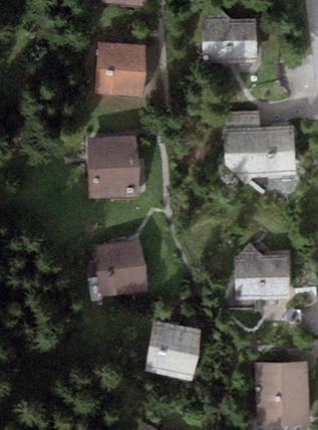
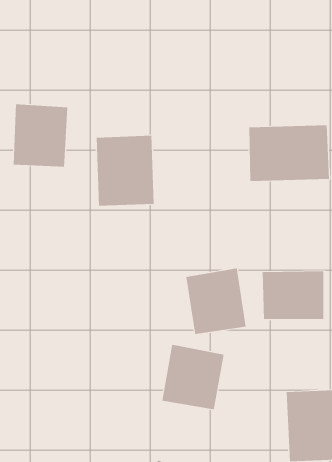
building: [203,20,260,69] -> none
building: [95,40,144,96] -> [13,104,68,167]
building: [92,236,146,295] -> [185,268,246,335]

